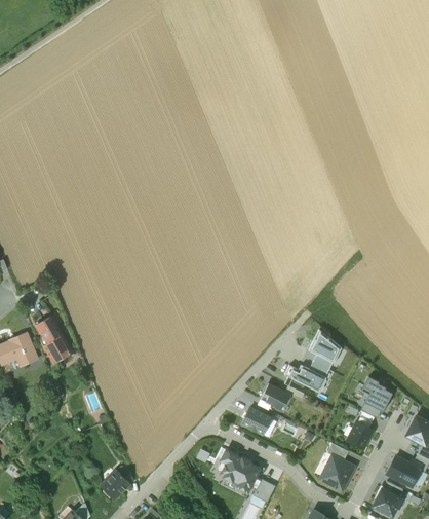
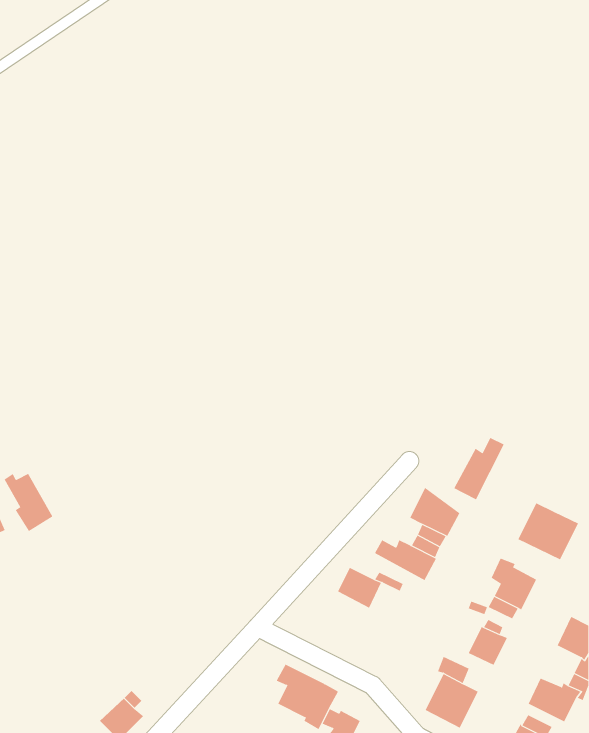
building: none -> [453,437,504,500]
building: none -> [518,502,579,560]
building: [241,409,273,437] -> none

